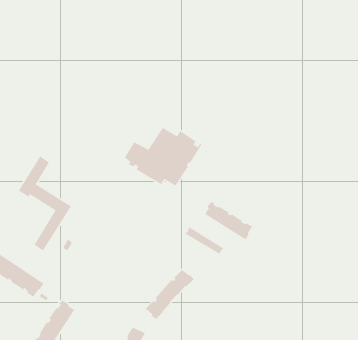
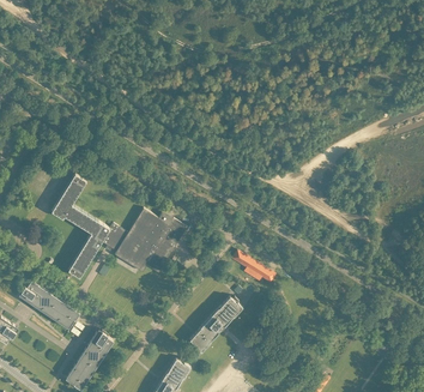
building: [124,127,202,186] -> [101,209,186,273]
building: [204,201,253,240] -> none

